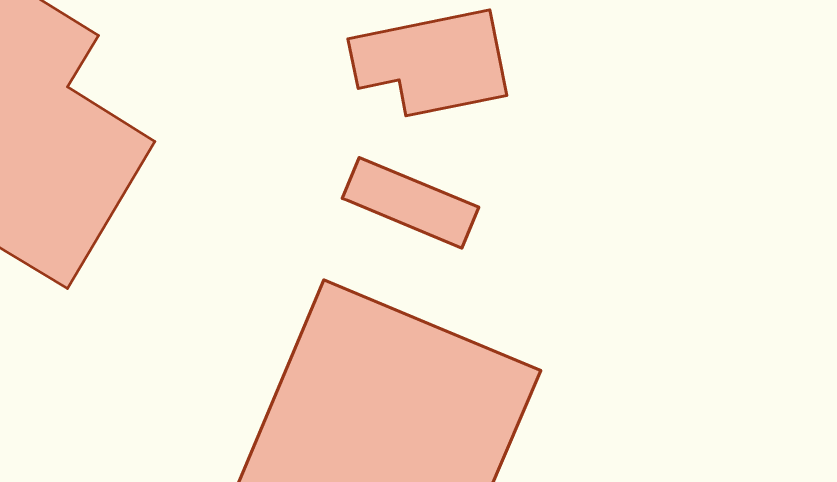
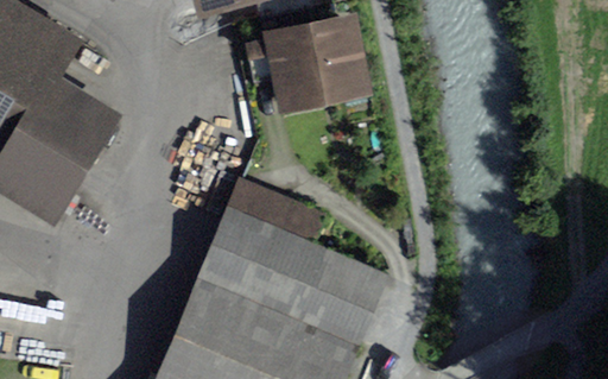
building: [342,157,479,248] -> [228,181,323,244]

